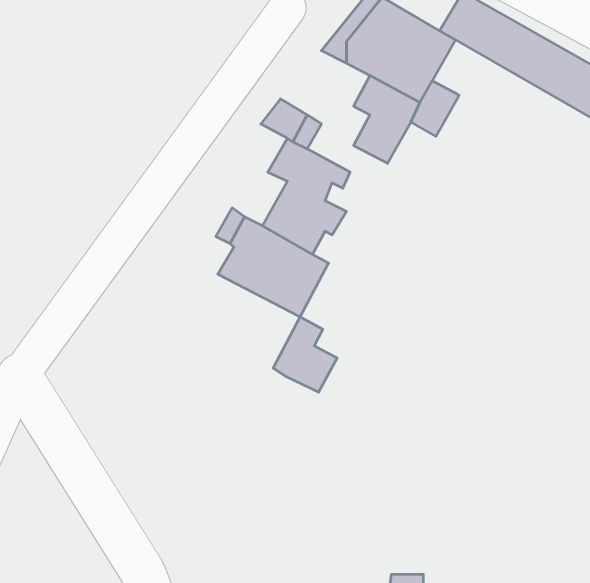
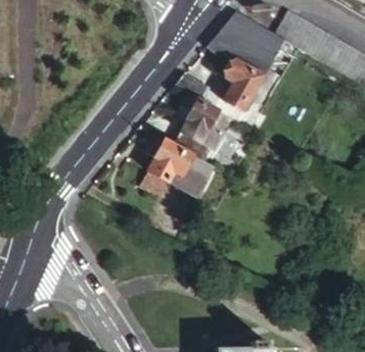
building: [273,317,337,392] -> none

